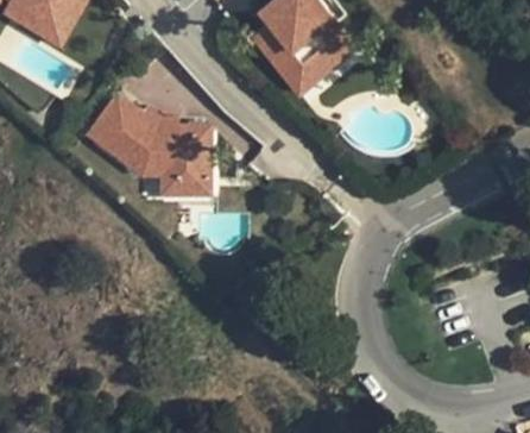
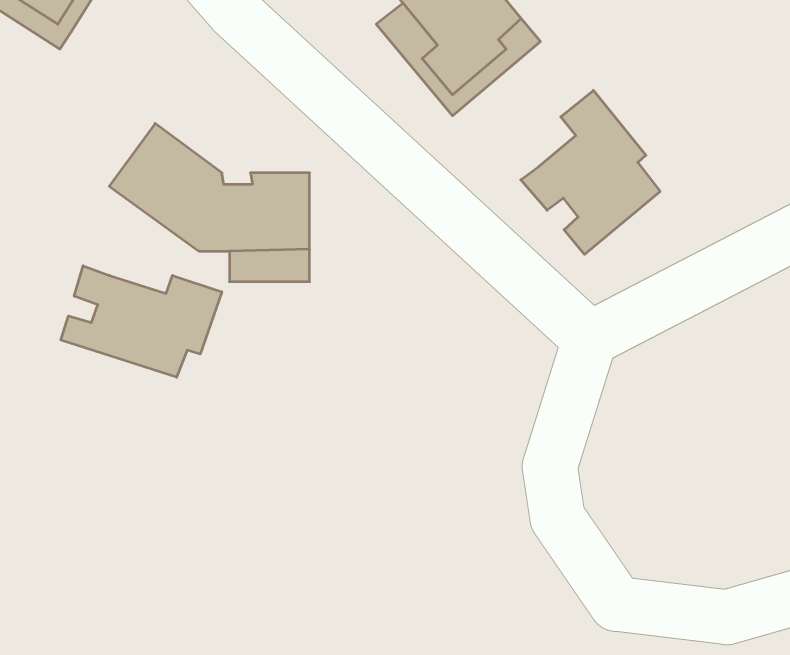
building: none -> [521,90,660,254]
building: none -> [61,266,222,377]

